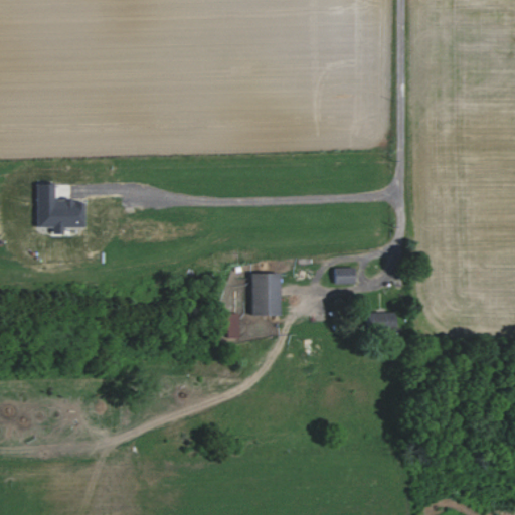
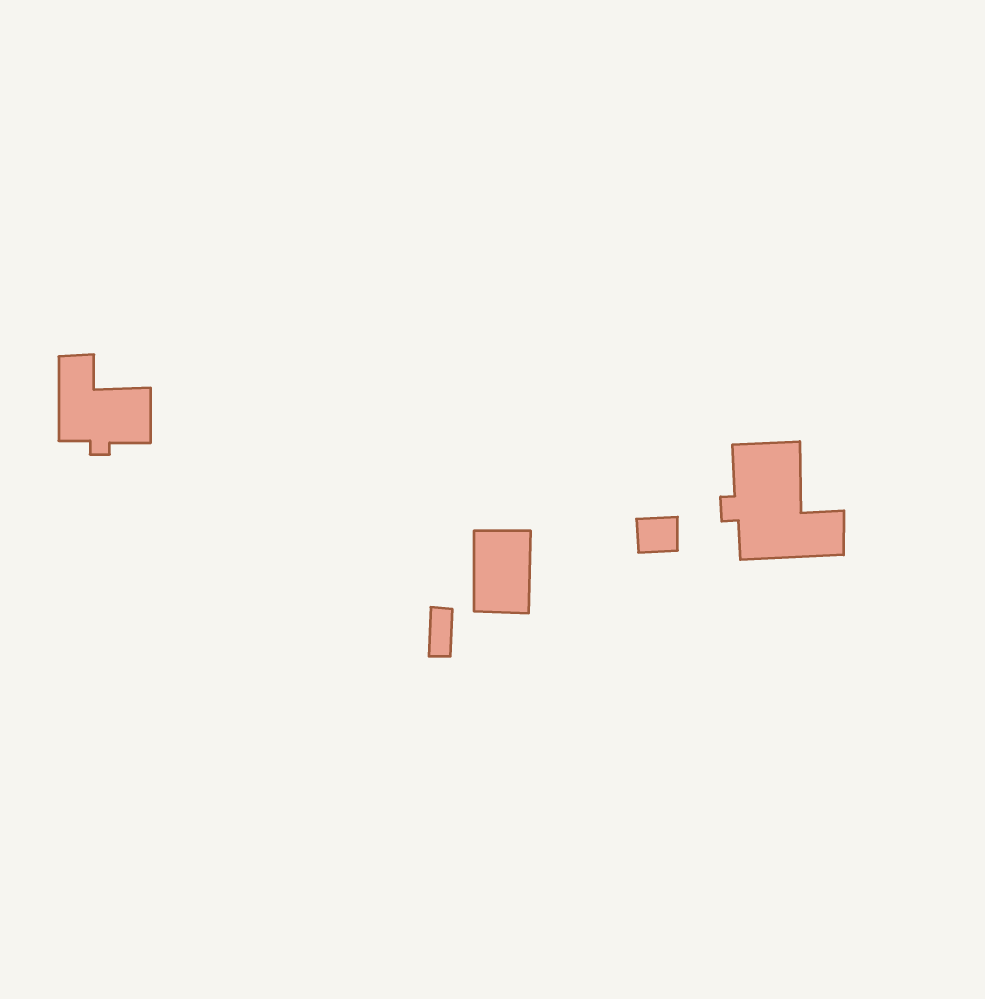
building: none -> [721,441,844,560]
building: [367,312,394,330] -> none

